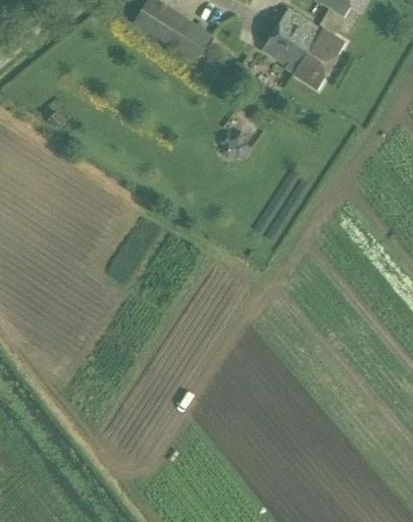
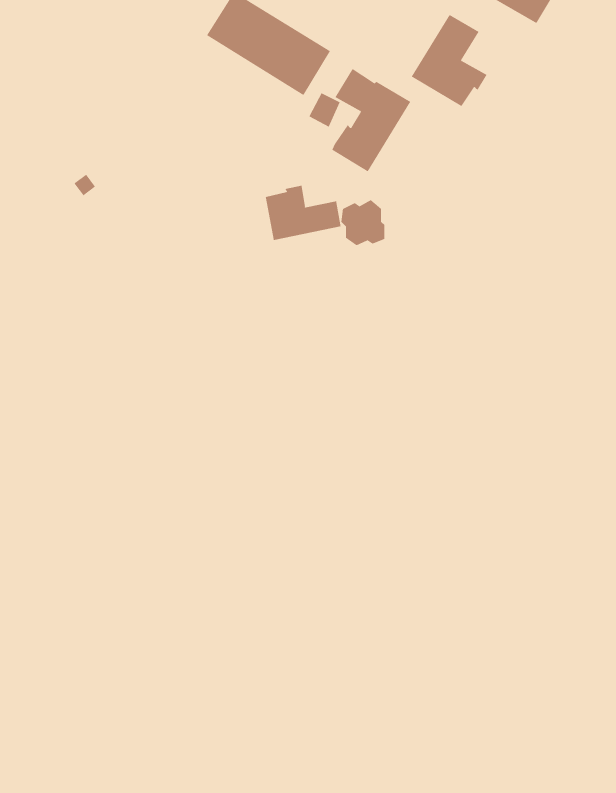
building: [294,20,345,87] -> [331,68,411,172]
building: none -> [265,185,341,241]

